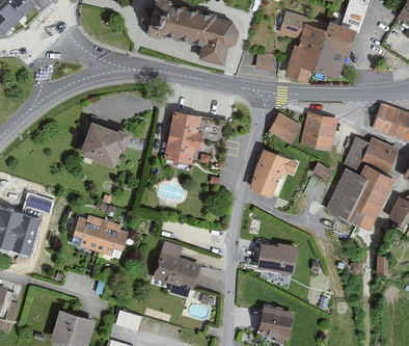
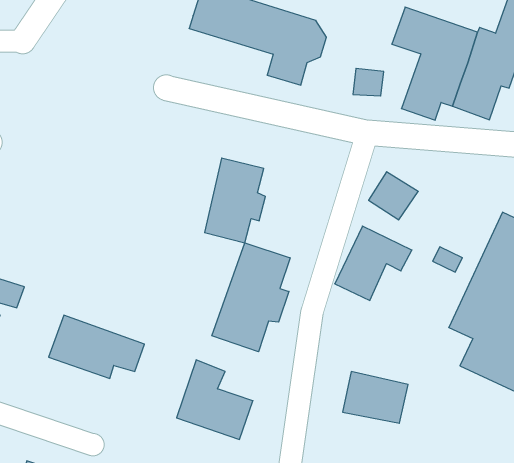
building: [299,111,338,153] -> none
building: [83,121,128,166] -> none
building: none -> [212,243,290,352]

